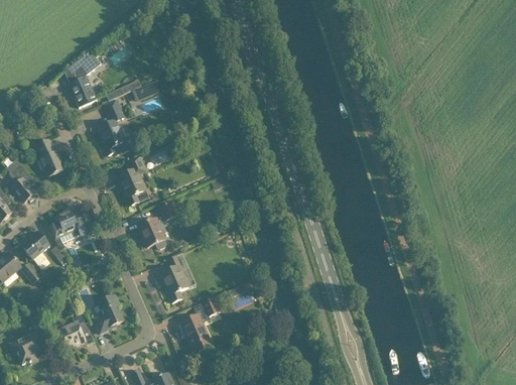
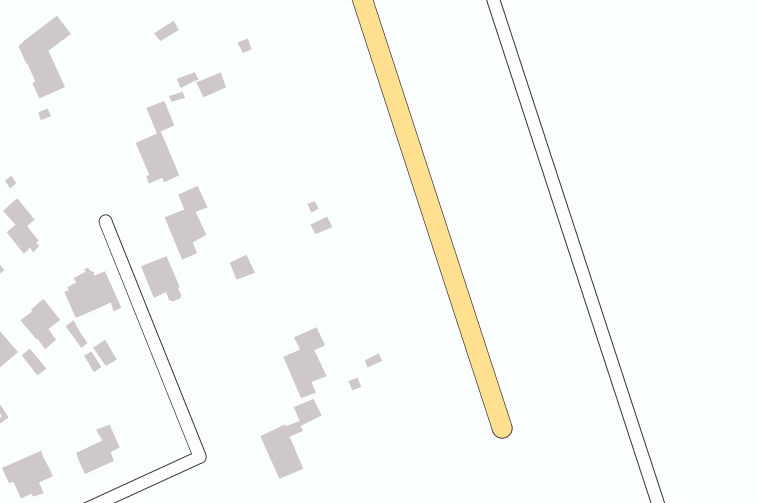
building: [63,49,100,106] -> [18,14,72,100]
building: [36,138,62,173] -> none
building: [137,217,165,248] -> [140,255,182,302]
building: [158,252,188,300] -> [282,326,328,399]
building: [93,293,123,332] -> none

